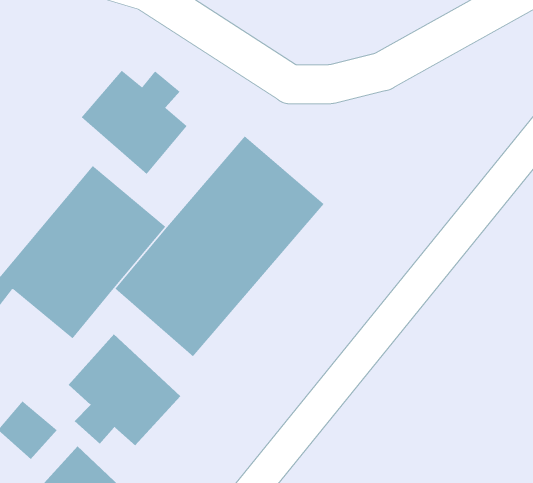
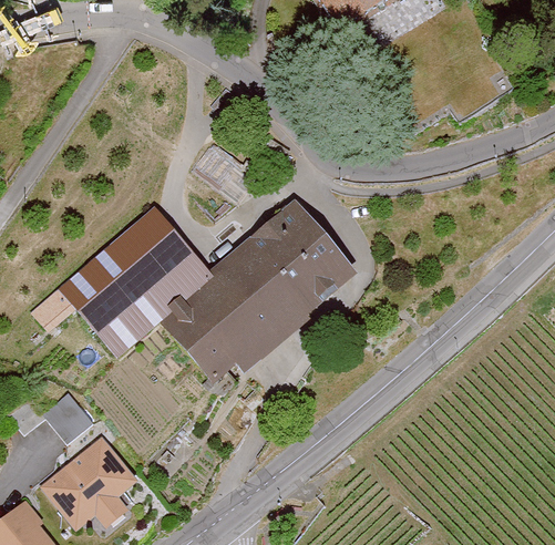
building: [81,70,188,175] -> none
building: [68,333,181,446] -> none

